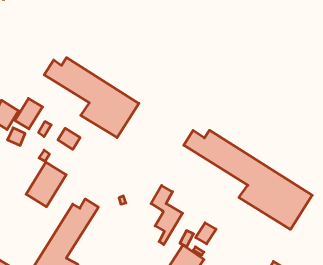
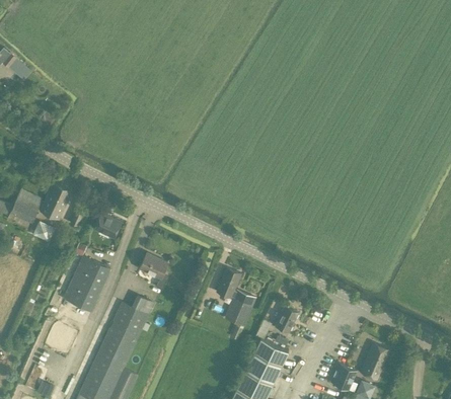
building: [44,58,139,138] -> none
building: [184,130,312,229] -> none
building: none -> [140,252,169,290]

